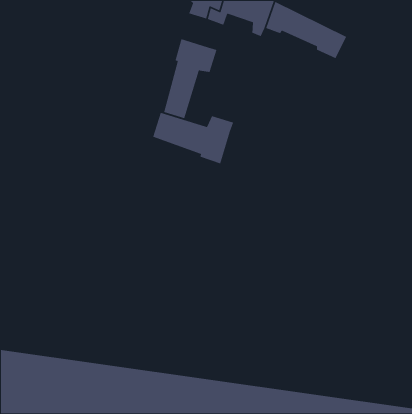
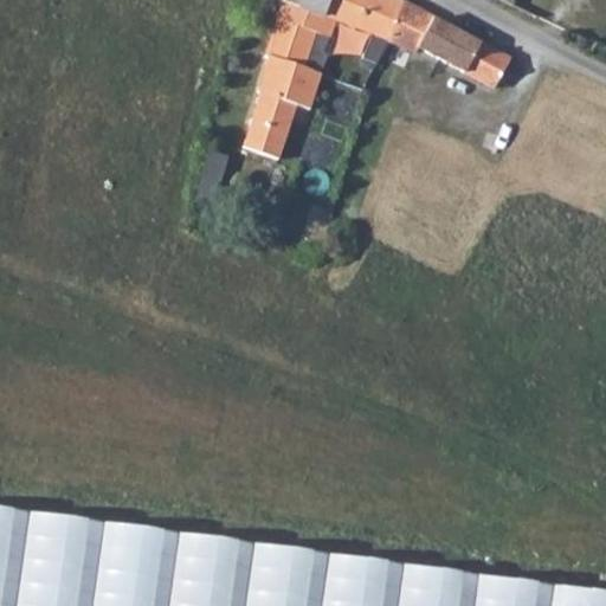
building: none -> [265,20,318,69]
building: [152,112,234,165] -> none

